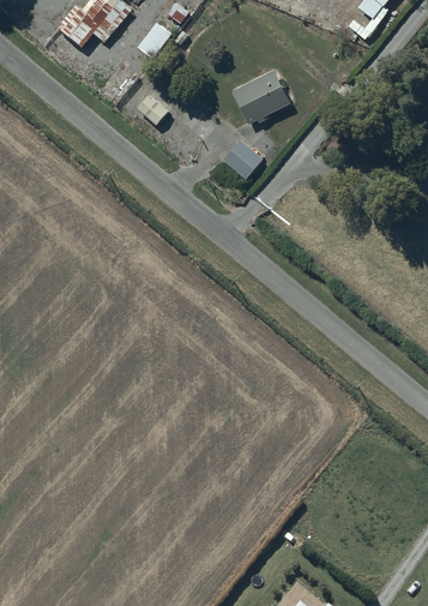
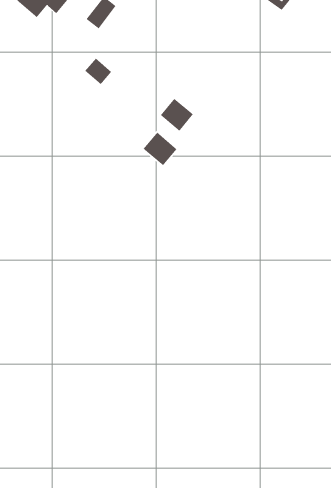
building: [233,71,290,124] -> none
building: none -> [143,132,178,166]

